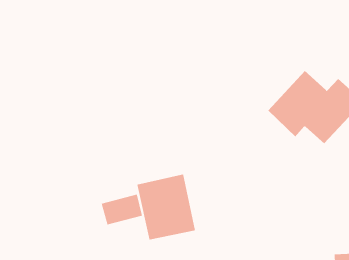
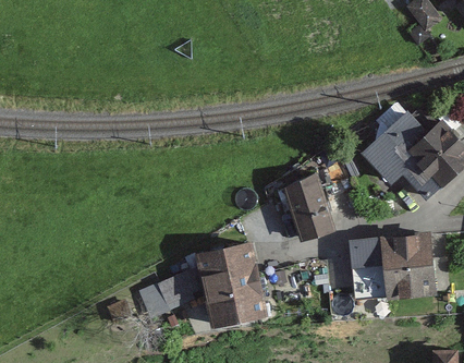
building: none -> [279,176,337,240]
building: none -> [350,234,434,298]

